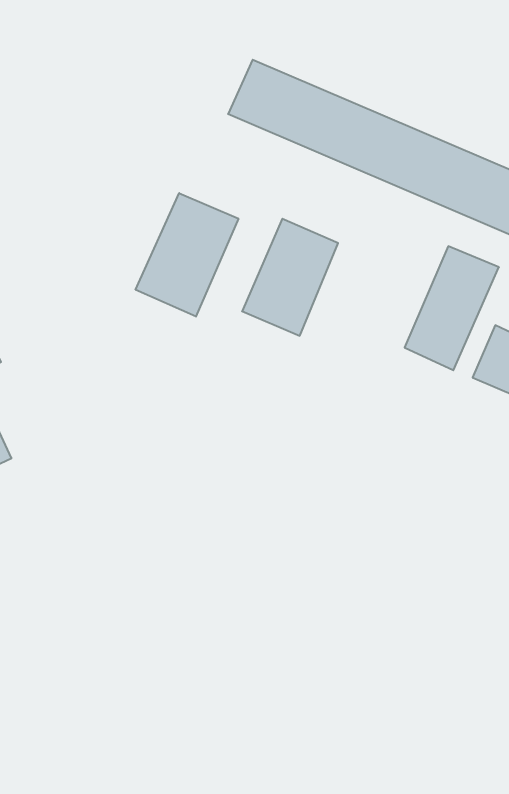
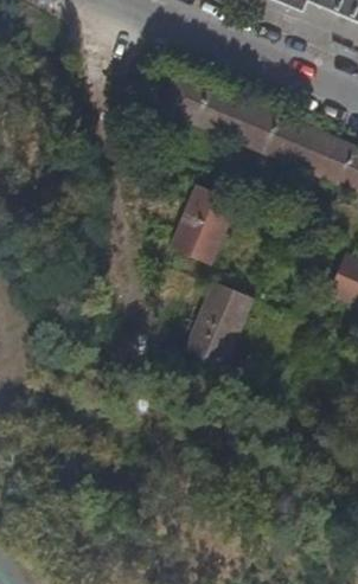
building: [136,193,238,317] -> none
building: [405,246,499,370] -> [187,278,251,362]

